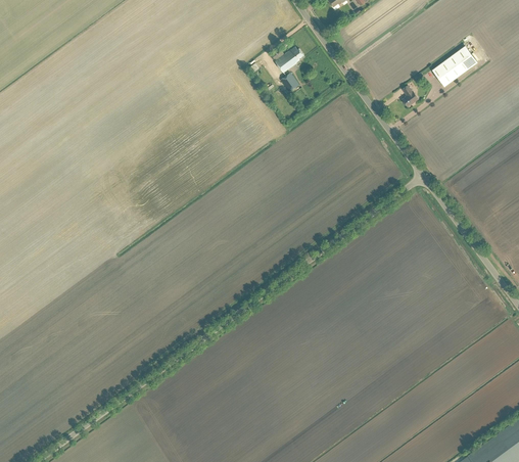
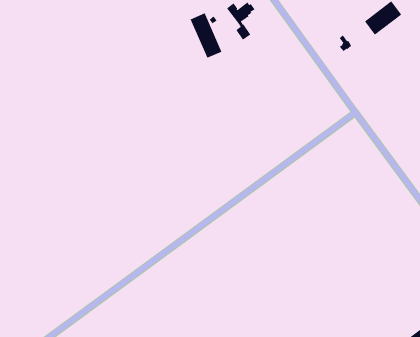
building: none -> [190,13,222,59]

